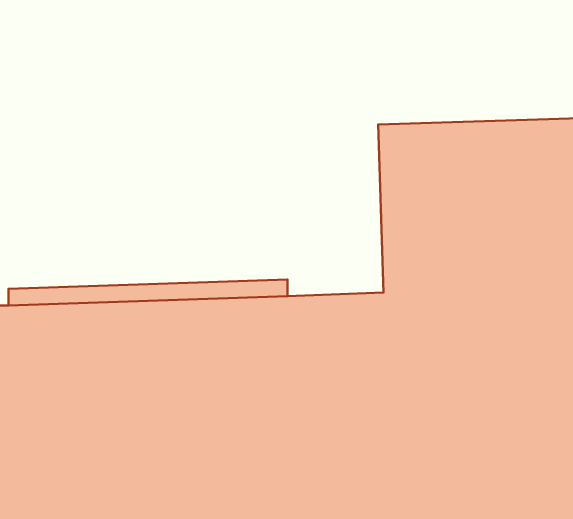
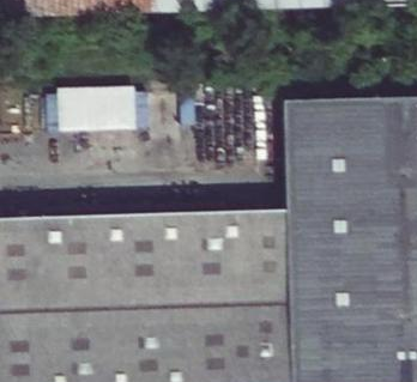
building: none -> [54,83,143,127]

